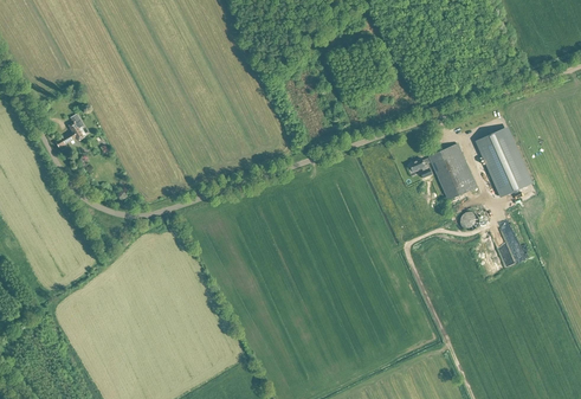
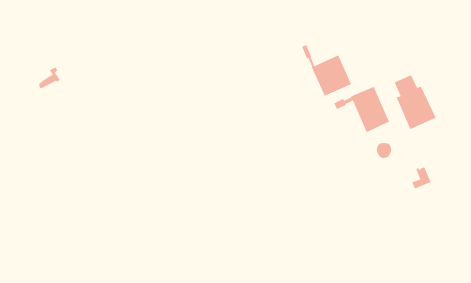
building: none -> [301,44,352,96]

